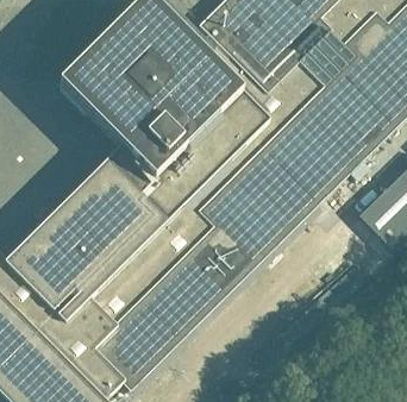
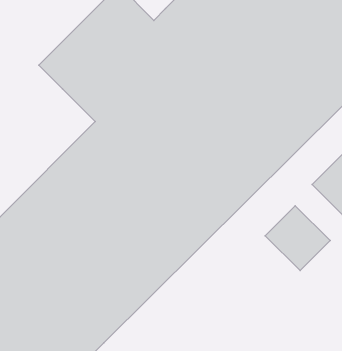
building: none -> [265,206,330,271]

